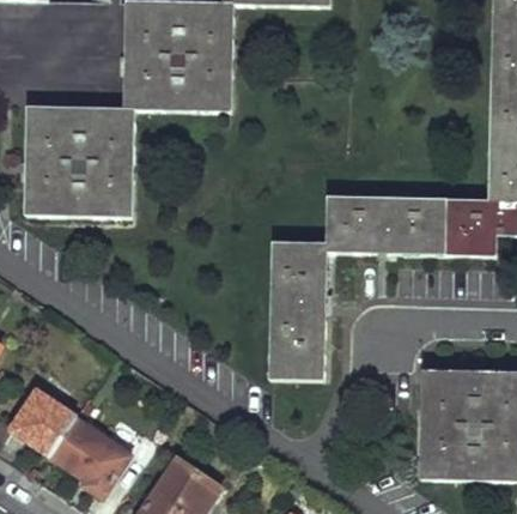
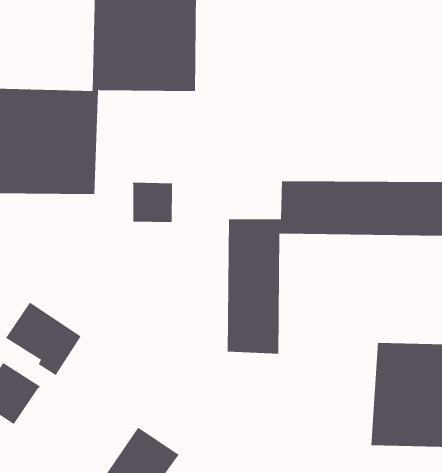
building: none -> [132,182,172,223]
building: [48,417,127,494] -> [5,302,82,376]

